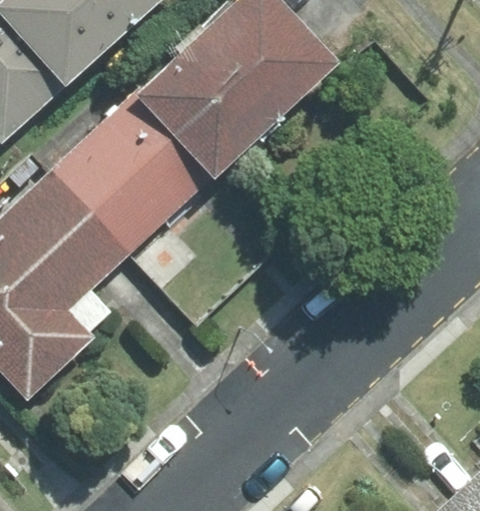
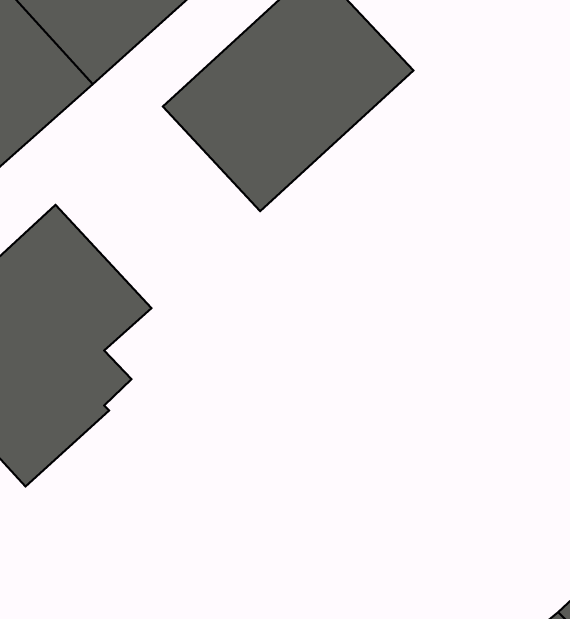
building: [50,92,214,254] -> none

